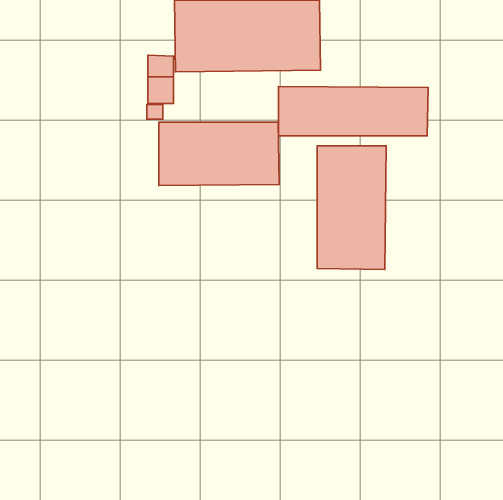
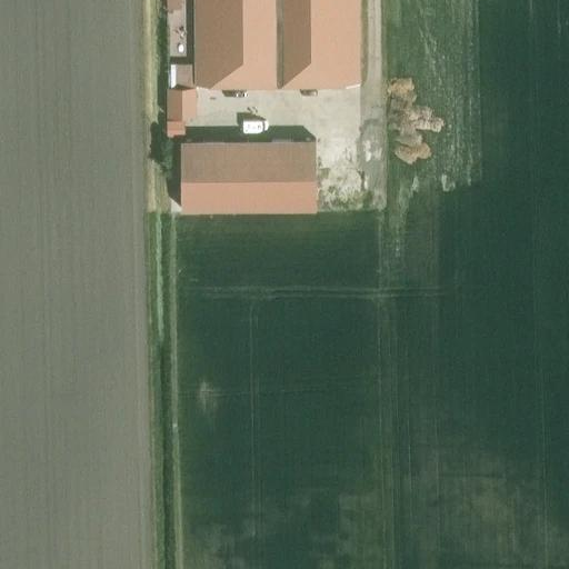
building: [278,87,428,136] -> none
building: [317,146,386,270] -> none

